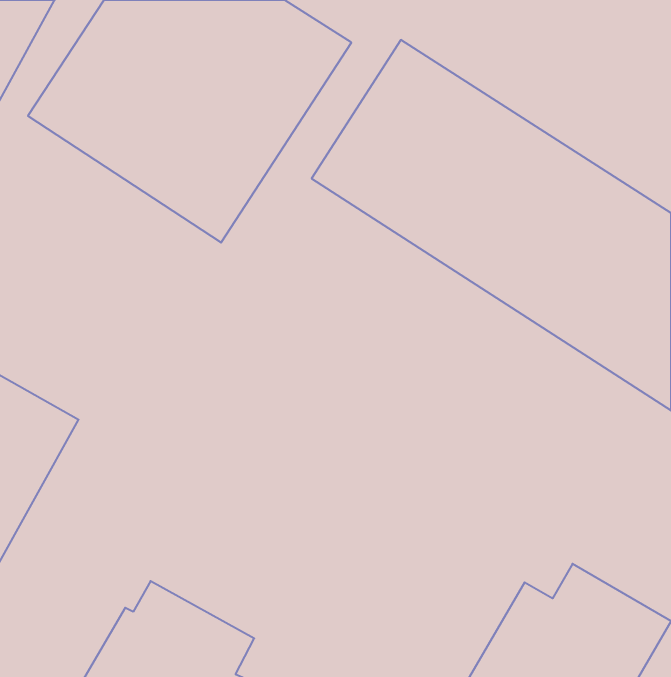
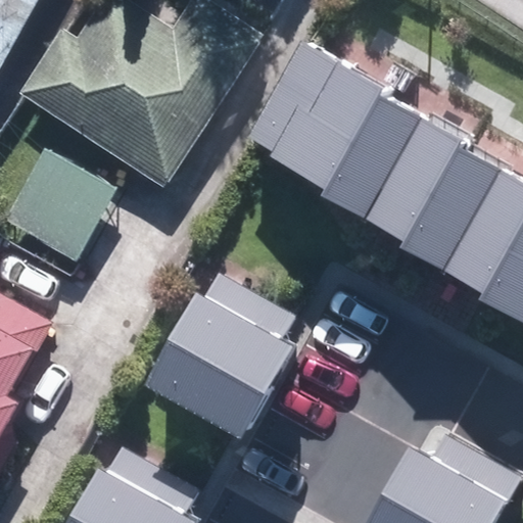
building: none -> [8,149,122,265]
building: none -> [138,275,289,442]

